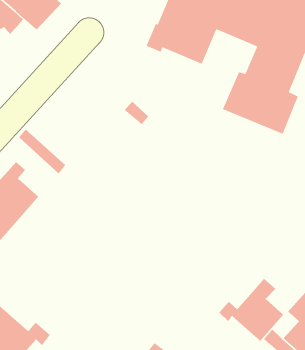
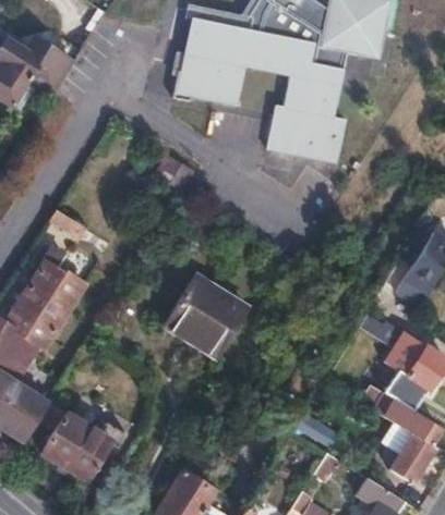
building: none -> [165,277,245,363]
building: [218,278,284,342] -> none

